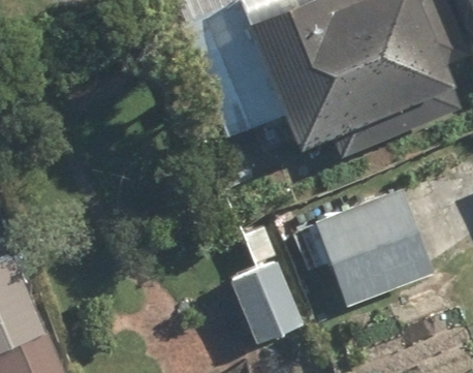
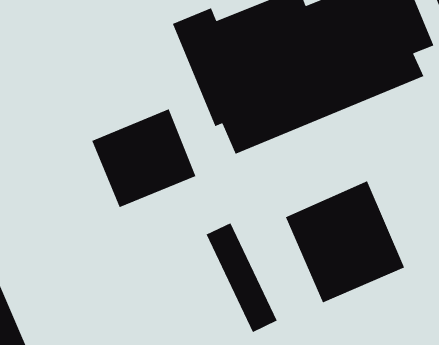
building: none -> [91,108,196,208]

